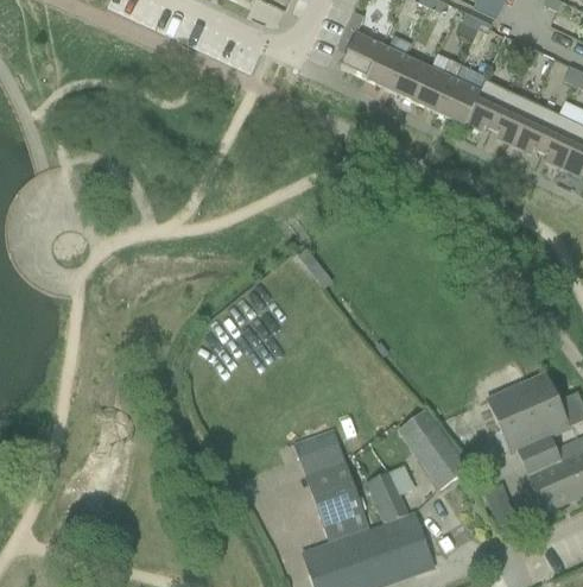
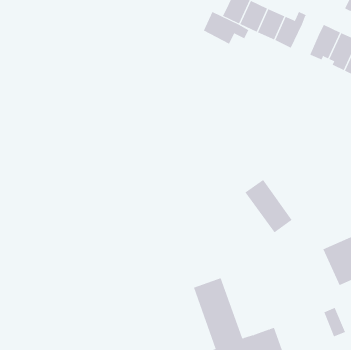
building: none -> [203,11,249,45]
building: [439,78,480,125] -> none
building: [399,410,468,487] -> [244,179,293,233]
building: [366,463,414,523] -> none

